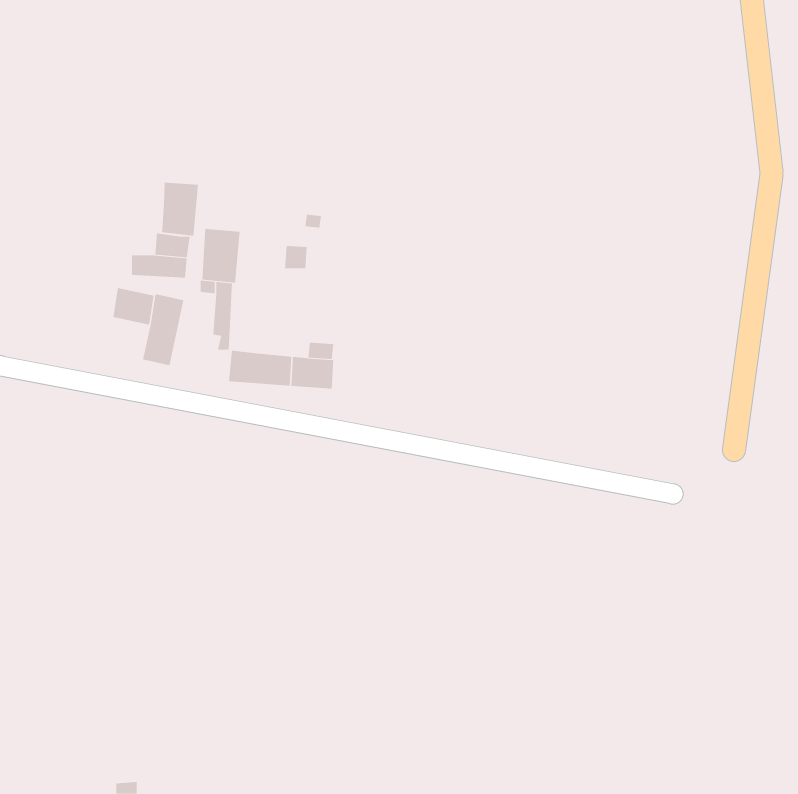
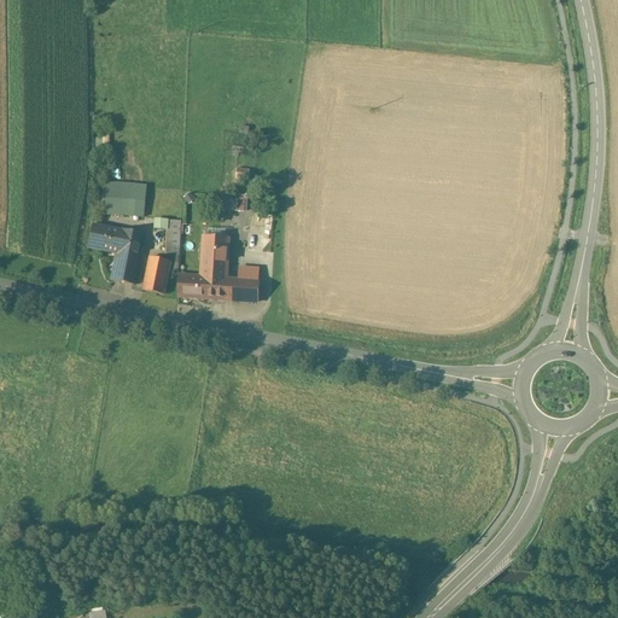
building: [161,182,198,236] -> none
building: [201,228,241,283] -> [199,233,229,275]
building: none -> [142,255,170,292]

